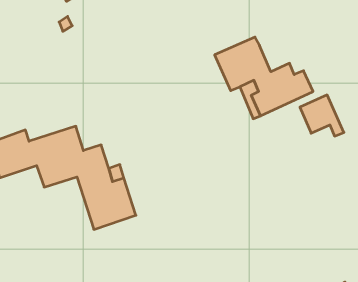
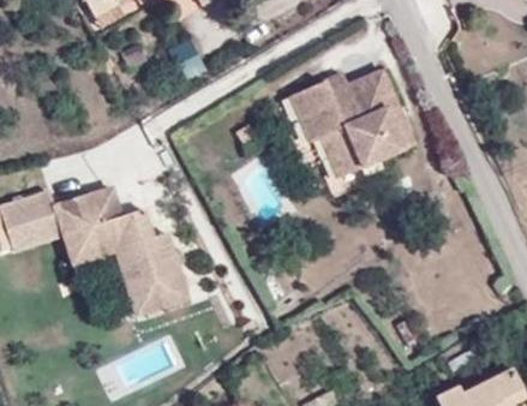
building: [300,95,344,136] -> [348,67,405,120]

